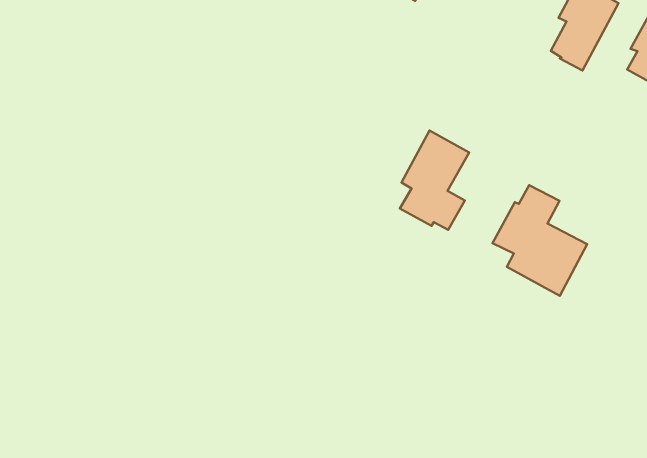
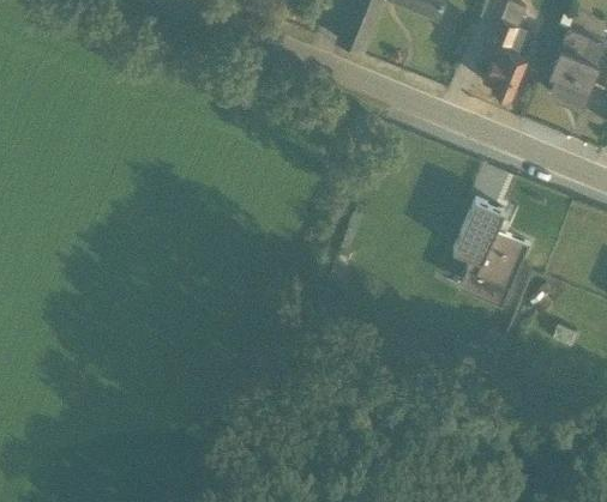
building: [400,131,469,230] -> none

